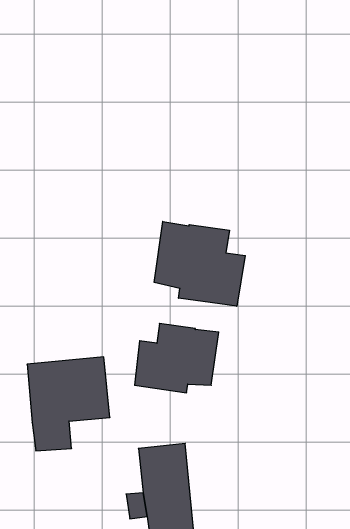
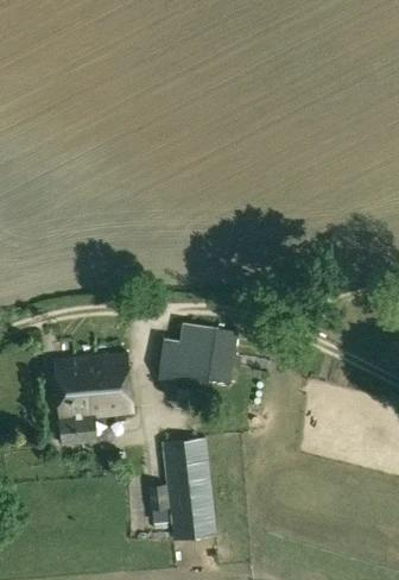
building: [154,221,245,306] -> none

